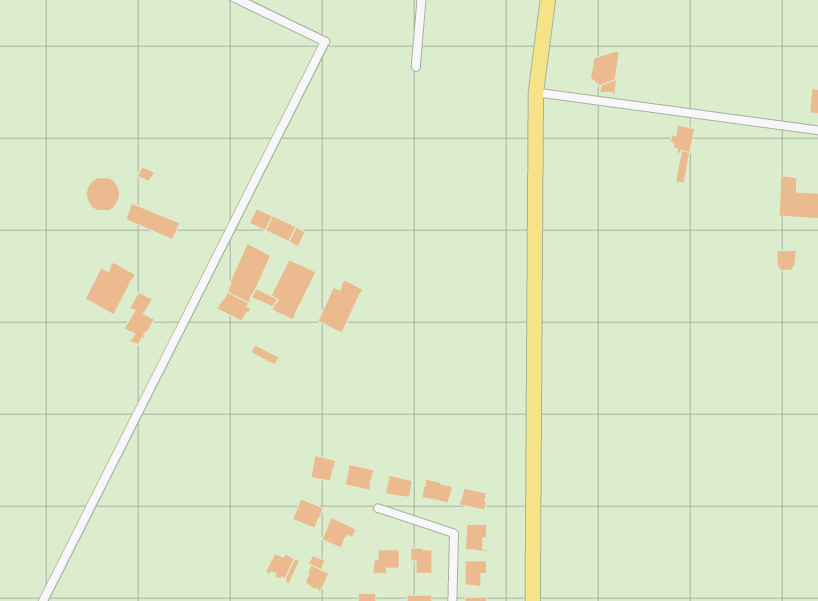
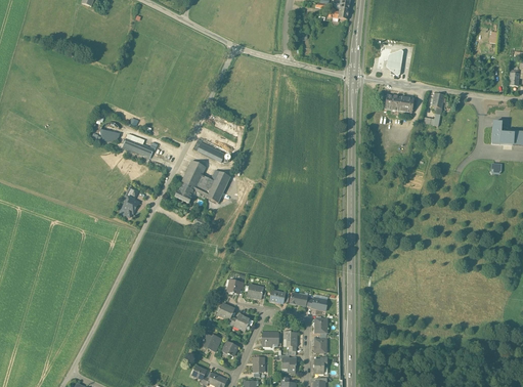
building: none -> [384,93,413,112]
building: [85,262,135,315] -> none
building: [318,280,362,333] -> none

